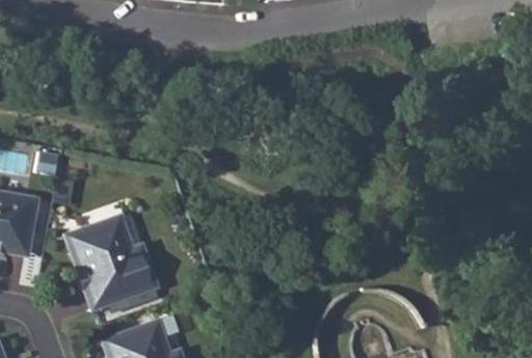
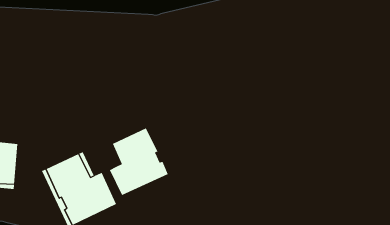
building: none -> [109,127,168,196]

